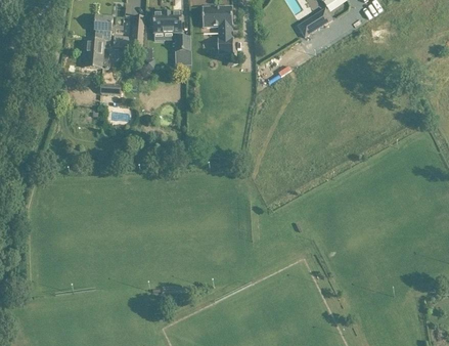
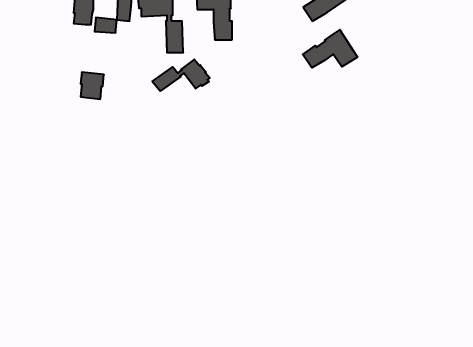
building: [84,38,110,69] -> none
building: none -> [303,30,357,68]
building: none -> [152,59,210,91]

